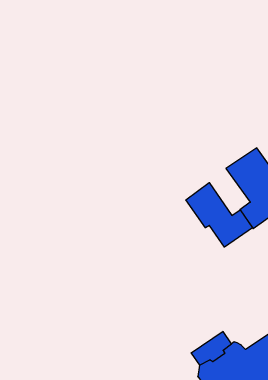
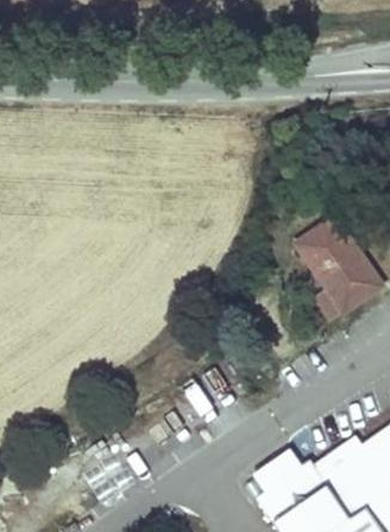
building: [186,183,253,247] -> none

